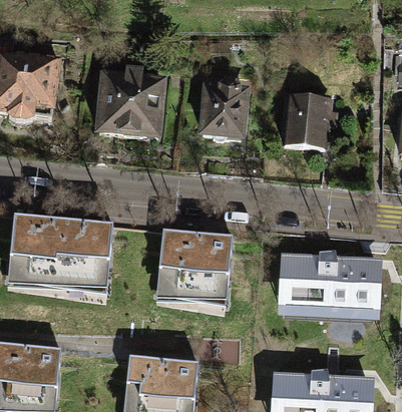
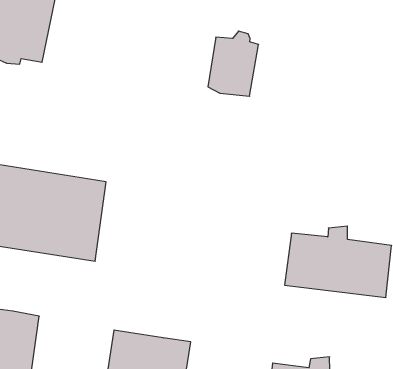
building: [94,66,159,134] -> none
building: [283,92,334,143] -> none
building: [158,229,234,306] -> none

